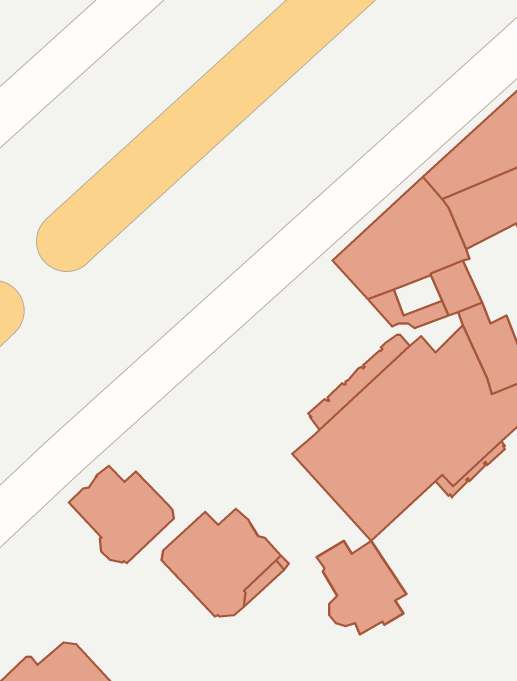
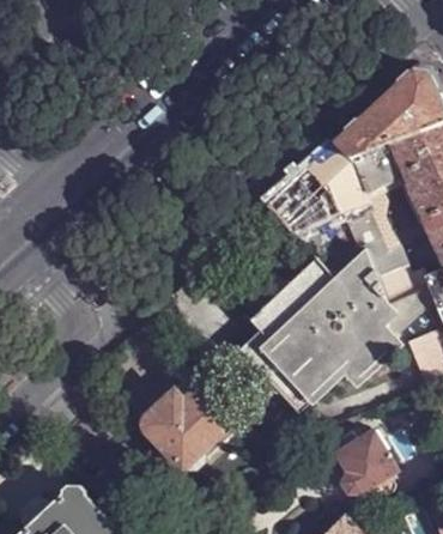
building: [69,466,174,563] -> none
building: [316,541,407,634] -> [330,431,398,500]

